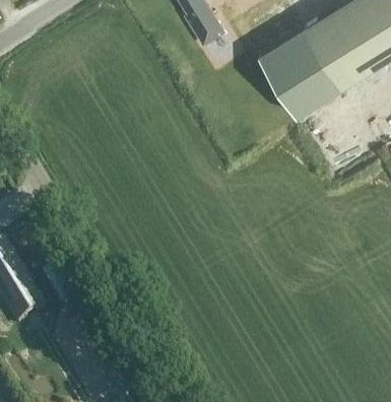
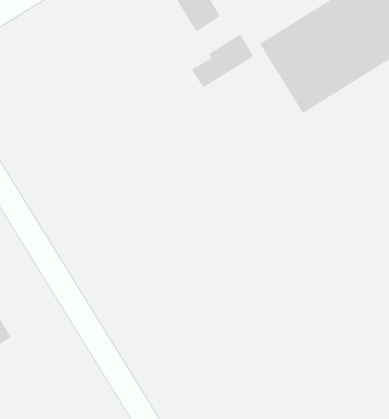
building: none -> [191,33,254,88]

